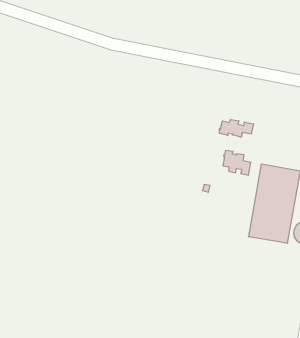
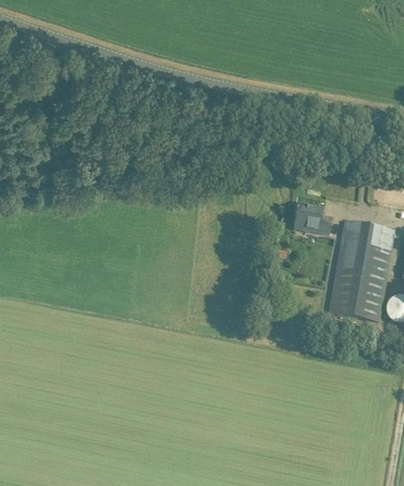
building: [219,119,253,137] -> none

